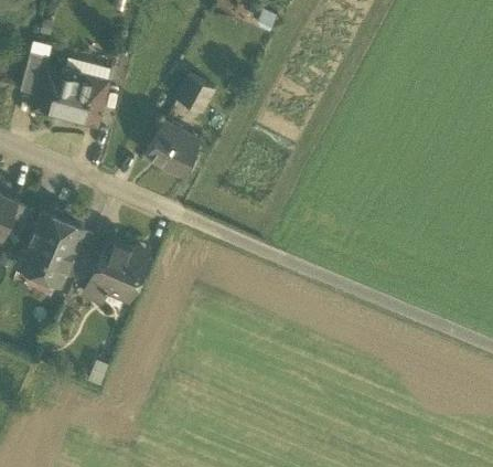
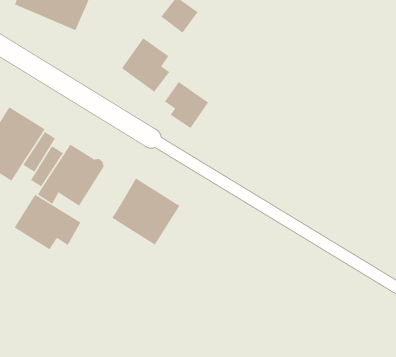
building: none -> [164,81,209,129]
building: none -> [112,178,180,245]
building: none -> [14,194,81,250]

